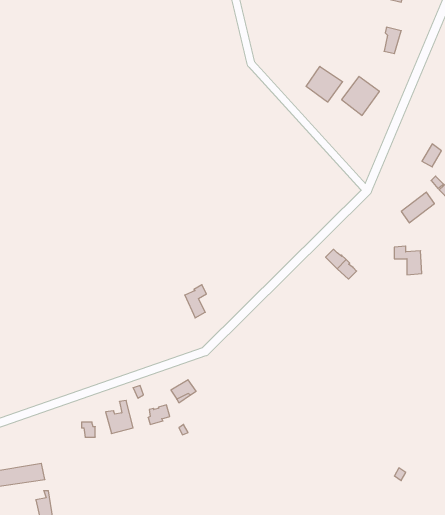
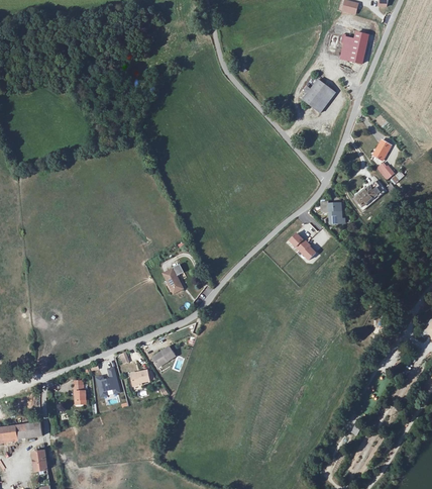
building: none -> [348,32,369,63]
building: [306,66,343,102] -> none
building: [394,246,422,275] -> [319,199,343,224]

